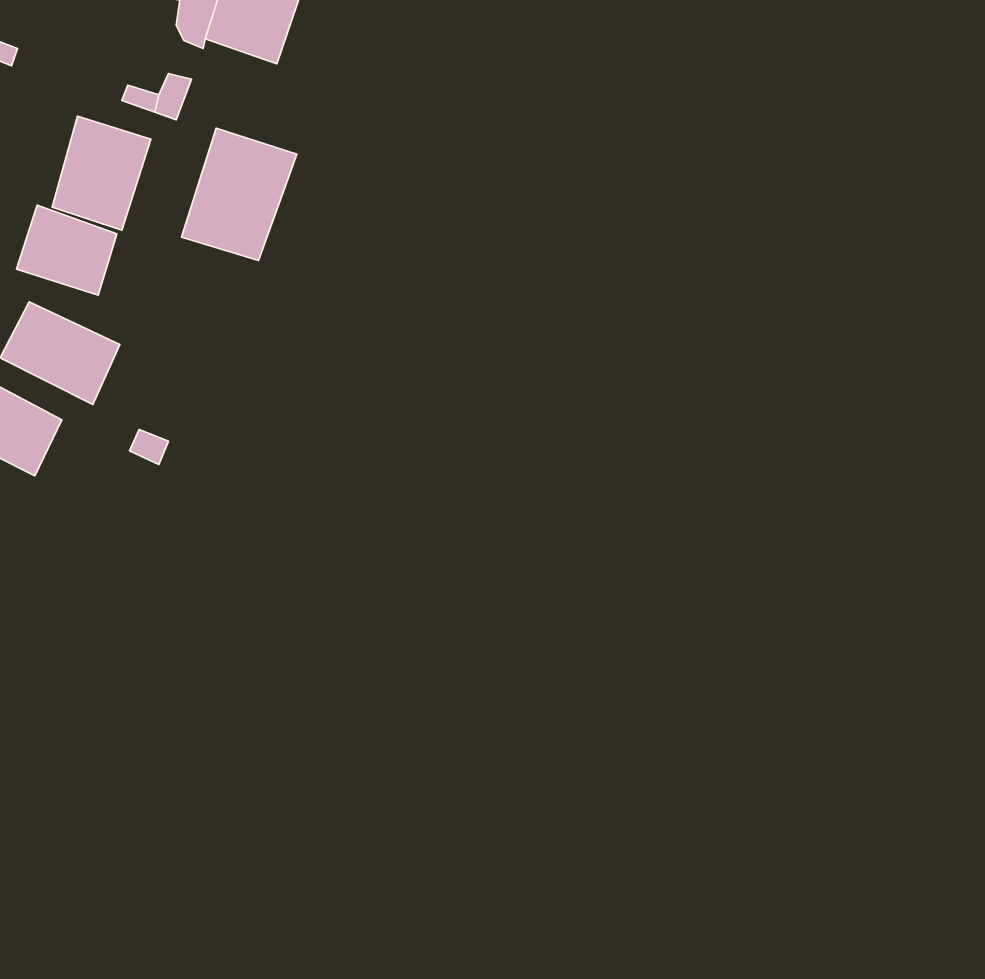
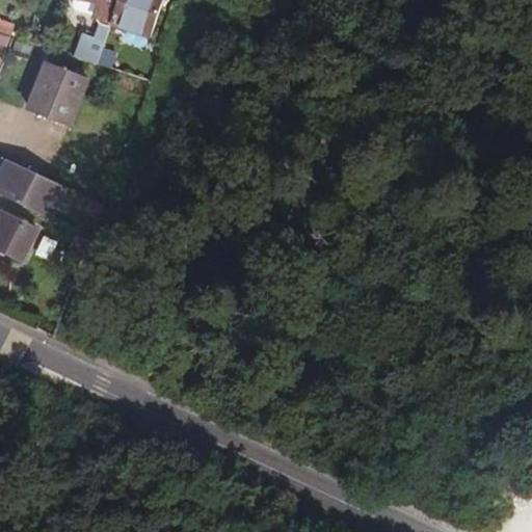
building: [181,128,297,260] -> none
building: [16,205,117,295] -> none

